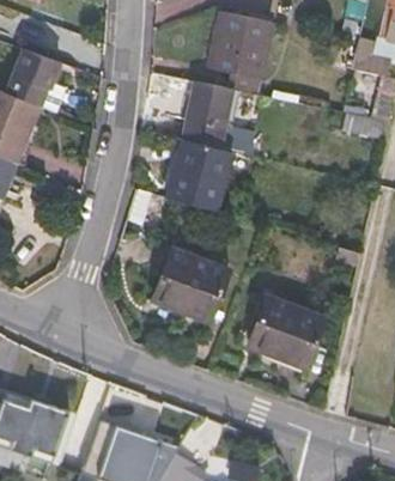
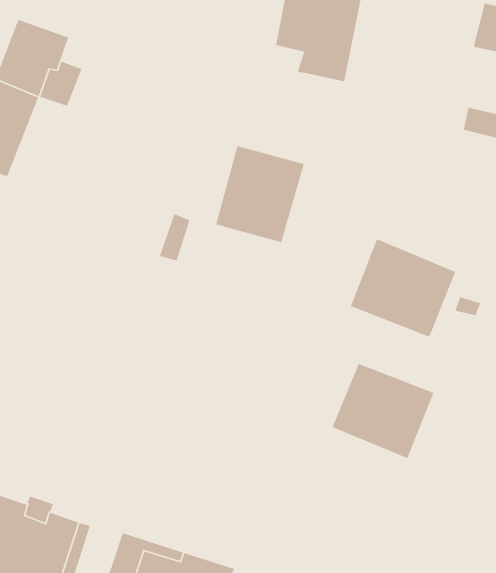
building: [181,80,231,145] -> none
building: [151,248,227,319] -> [350,238,456,338]

